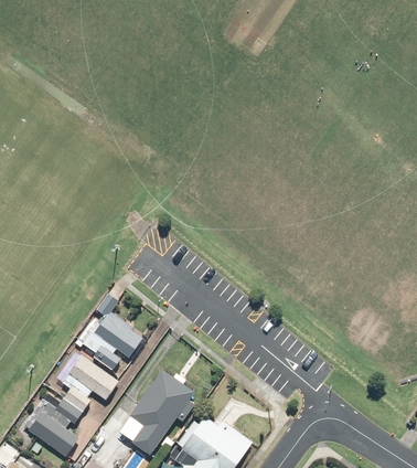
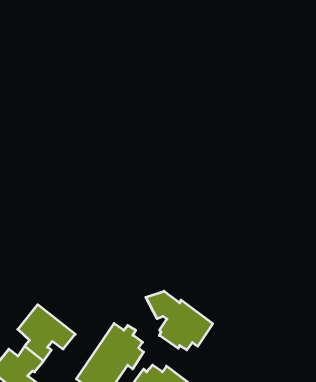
building: [74,310,148,372] -> none
building: none -> [146,291,213,350]

